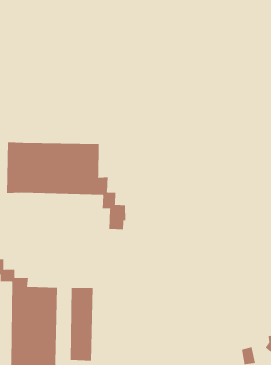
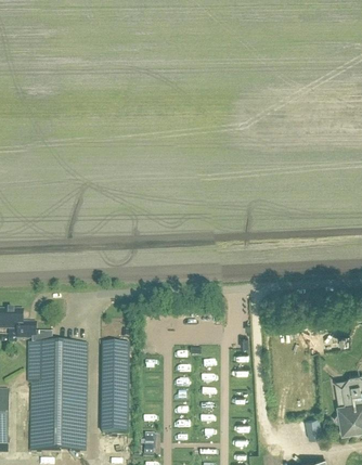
building: [6,142,126,230] -> none

